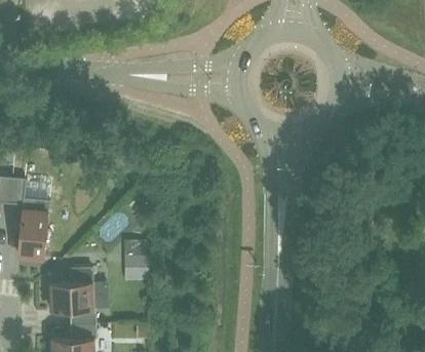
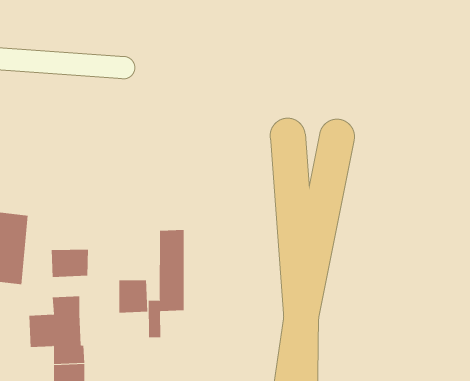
building: none -> [148,229,184,338]
building: none -> [51,249,88,278]

